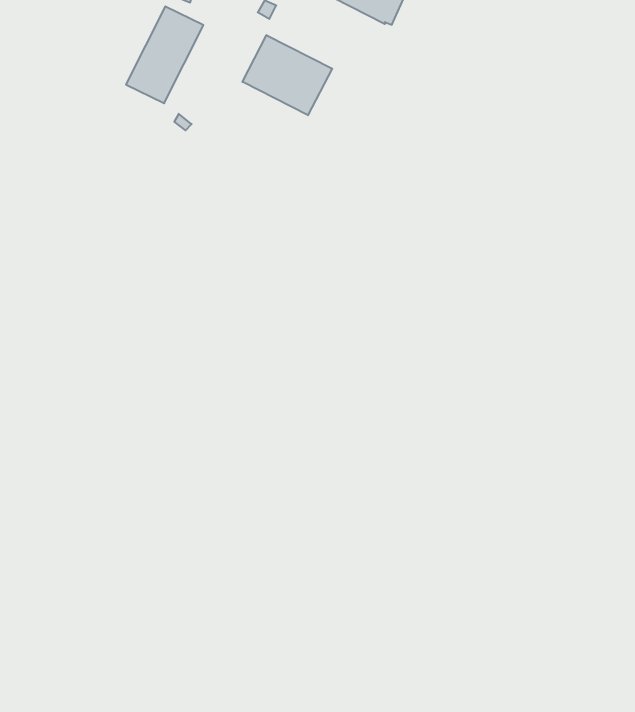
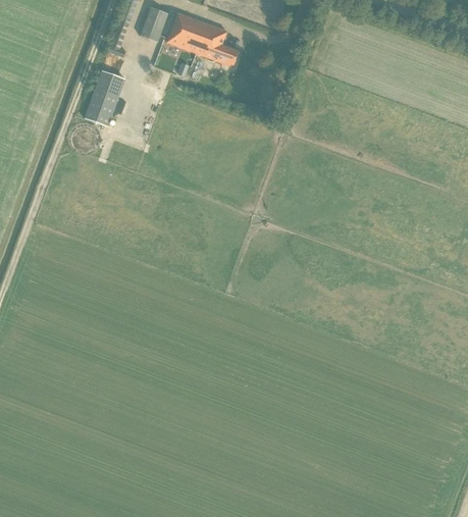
building: [242,35,332,115] -> none

